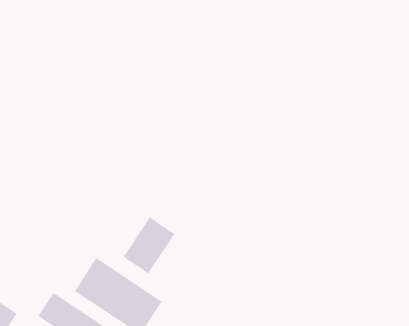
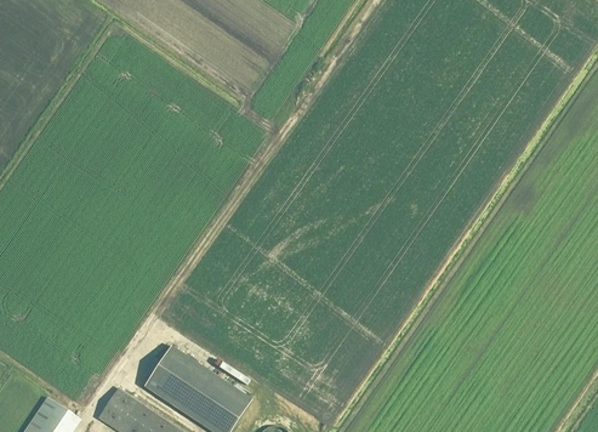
building: [123,217,175,274] -> none

